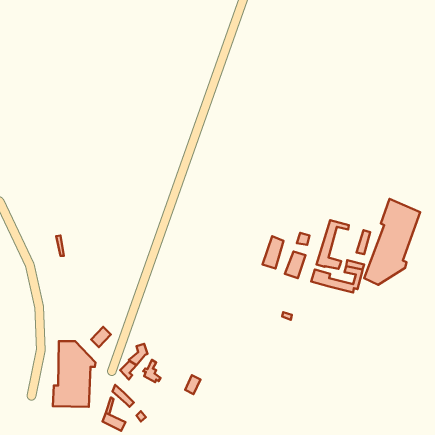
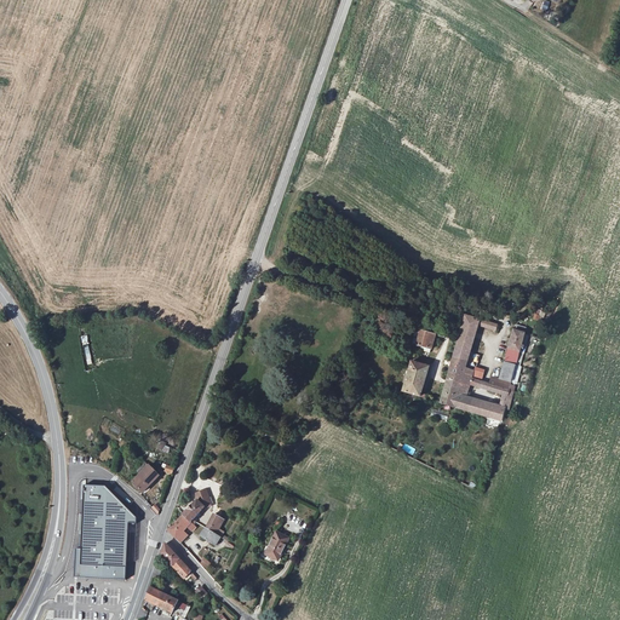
building: [364,199,420,285] -> none
building: [263,236,284,269] -> none

